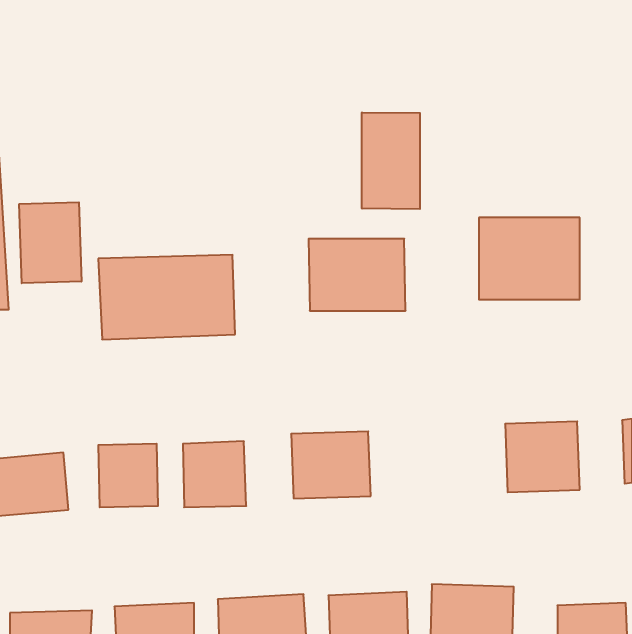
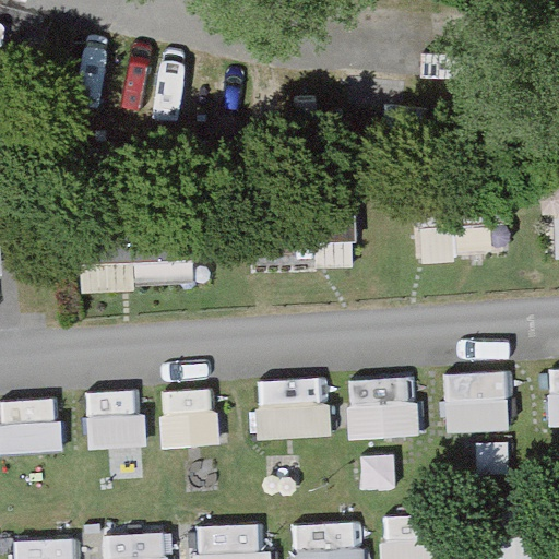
building: [362,112,420,209] -> none
building: [19,202,81,283] -> none
building: none -> [345,378,417,439]

